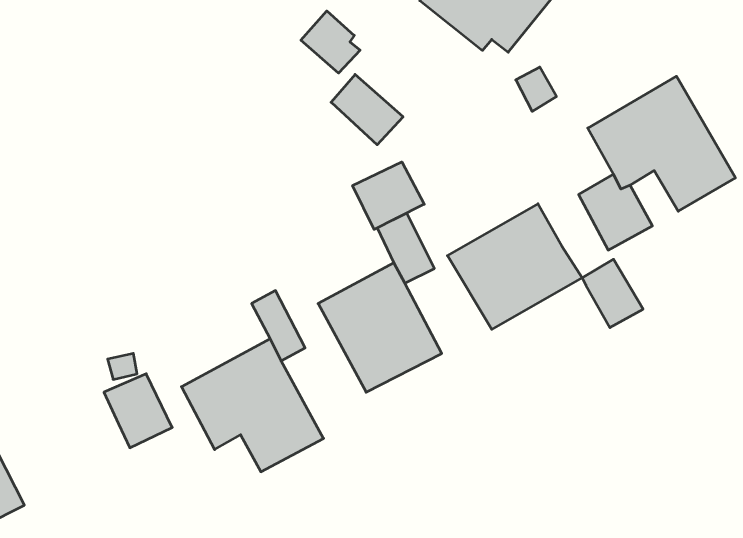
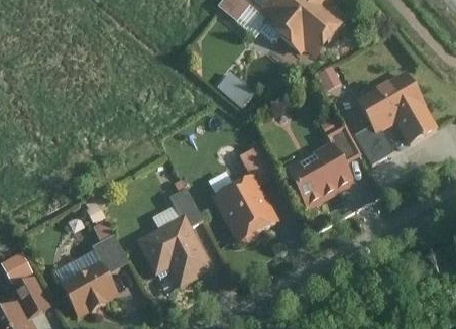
building: [301,11,360,73] -> none
building: [353,162,424,229] -> none
building: [582,259,643,328] -> [328,126,361,163]
building: none -> [60,260,119,316]

